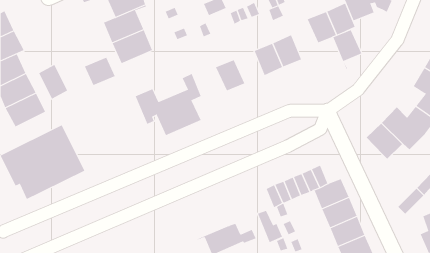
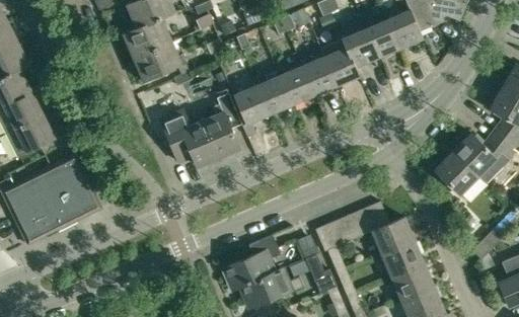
building: [332,30,362,70] -> [342,28,377,76]
building: none -> [278,66,313,104]
building: [84,57,116,86] -> none
building: [39,64,68,99] -> none
building: none -> [233,85,269,135]
building: none -> [225,235,280,289]

